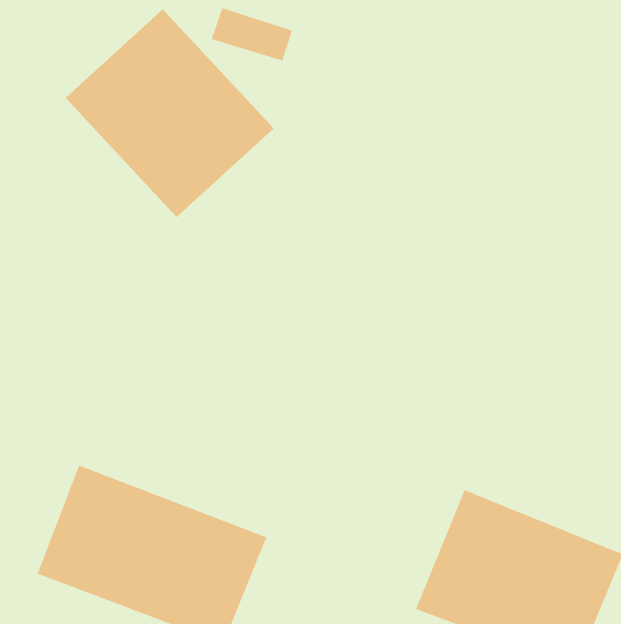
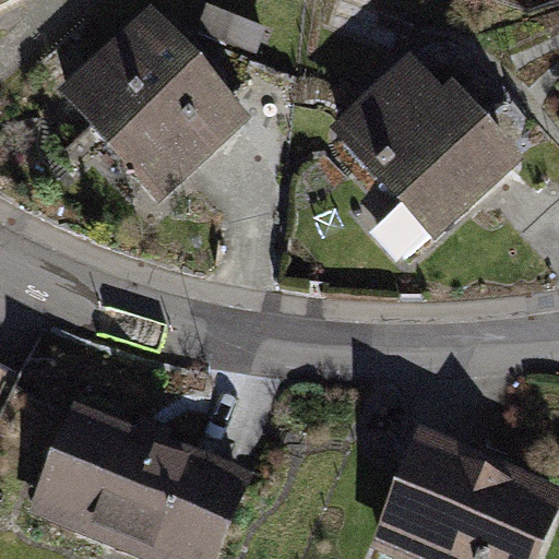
building: none -> [335,51,512,265]

